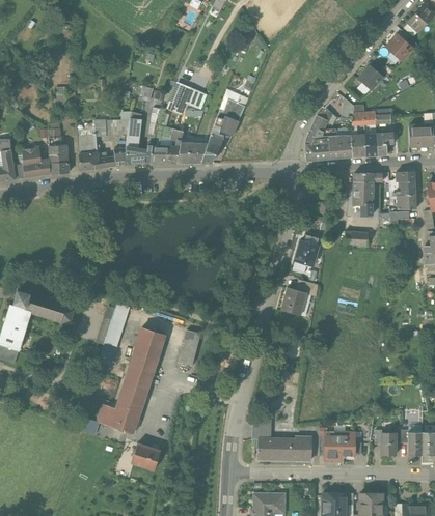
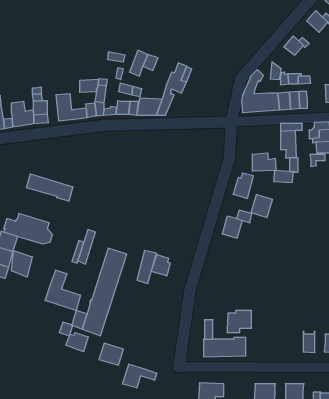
building: none -> [252,153,276,171]
building: none -> [27,174,73,201]
building: none -> [251,194,272,218]
building: none -> [11,250,32,277]
building: none -> [151,254,170,276]
building: none -> [45,270,80,310]
building: none -> [66,333,88,352]
building: [325,432,355,459] -> [227,311,252,333]
building: none -> [123,364,157,388]

